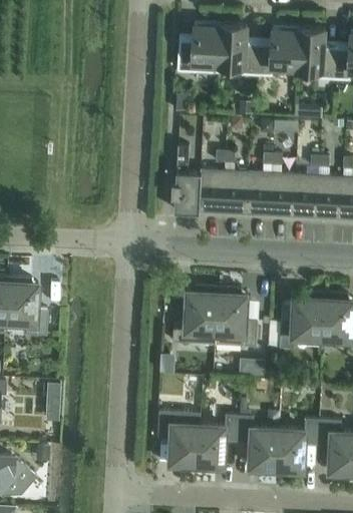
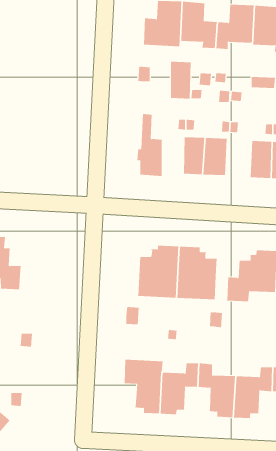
building: [199,169,222,210] -> [170,61,191,99]
building: [267,172,295,214] -> none

